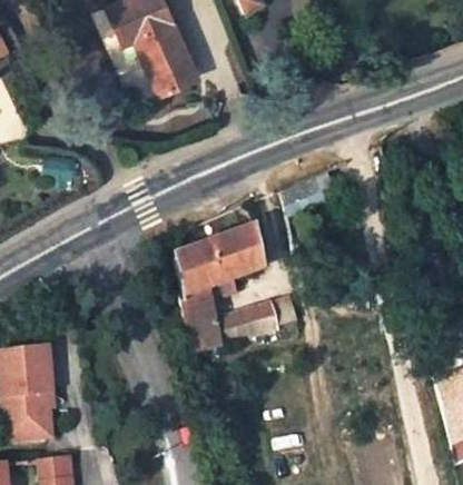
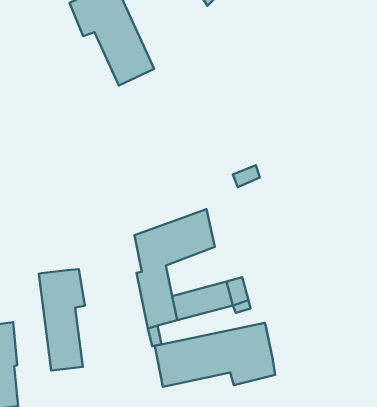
building: none -> [39,269,85,371]
building: none -> [155,323,275,387]

